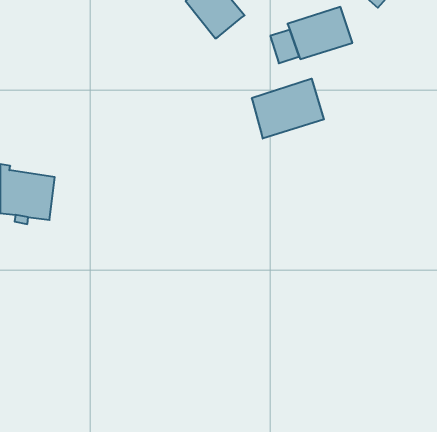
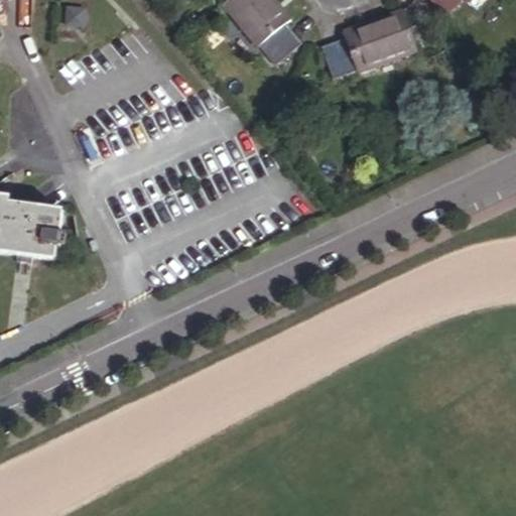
building: none -> [257,21,298,60]
building: [252,79,324,139] -> none

